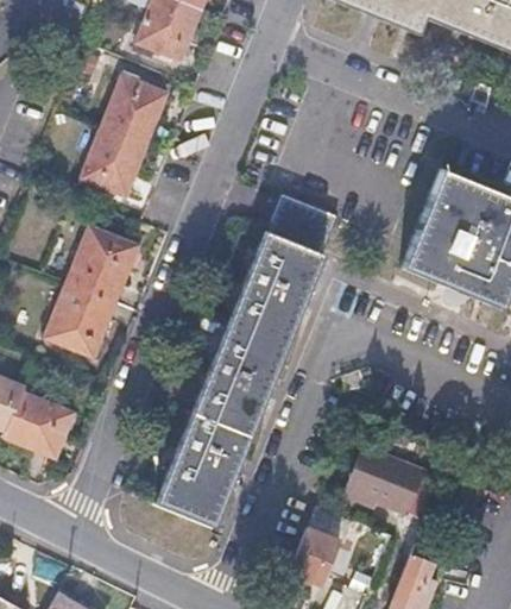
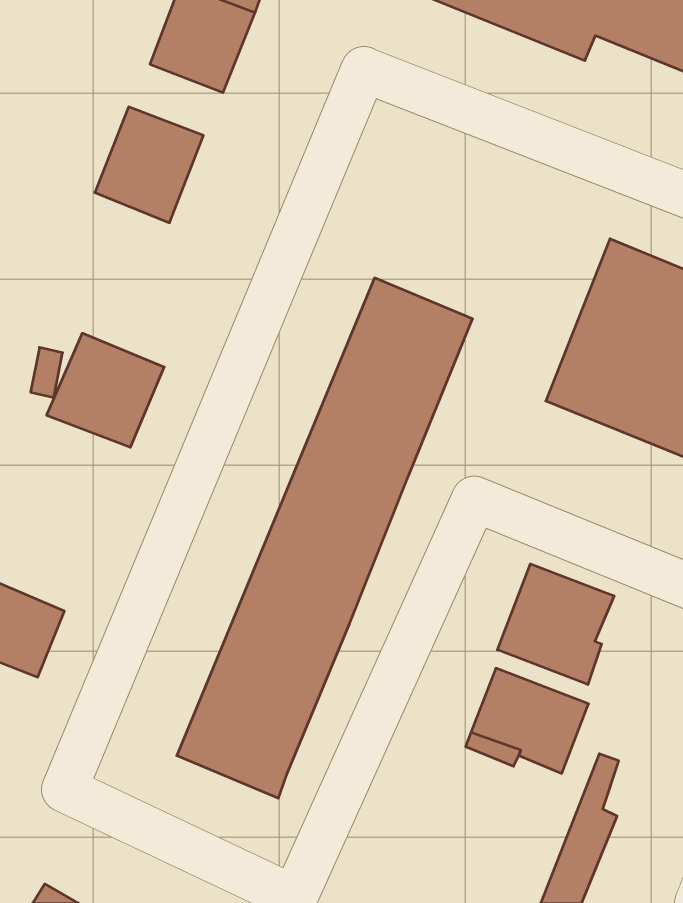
building: [77,128,147,199] -> none
building: [43,277,121,358] -> none
building: none -> [497,564,614,685]
building: [294,521,347,579] -> none

